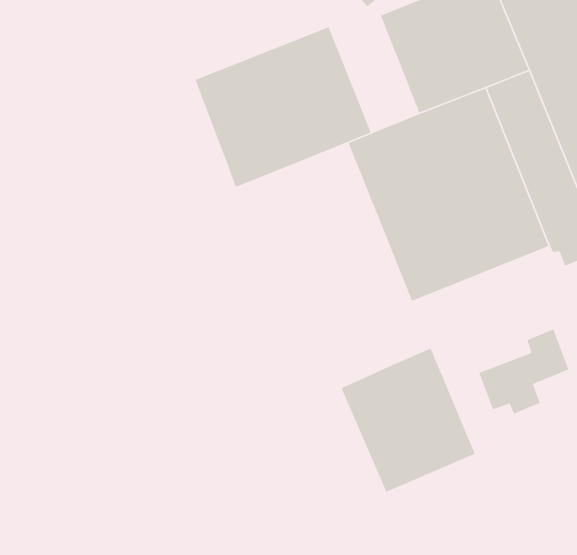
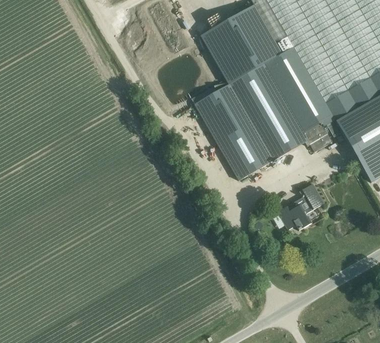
building: [195,26,372,188] -> none
building: [340,348,476,493] -> none

